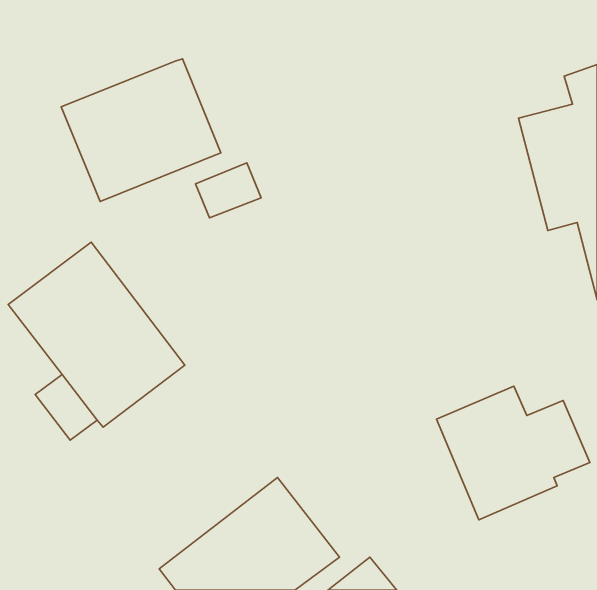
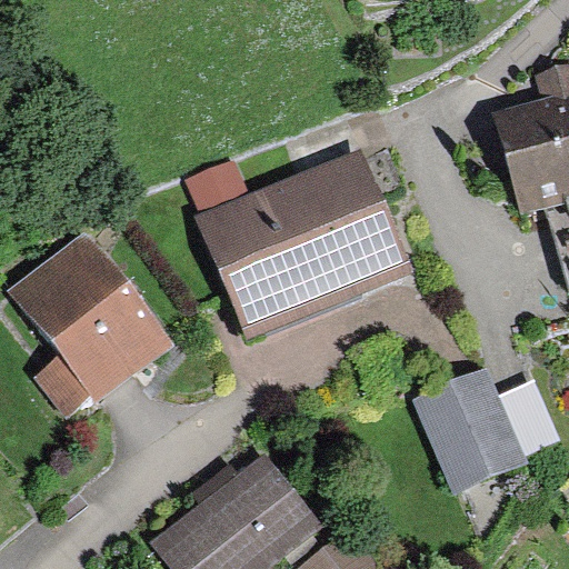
building: [61,59,221,201] -> none
building: none -> [193,147,413,345]

